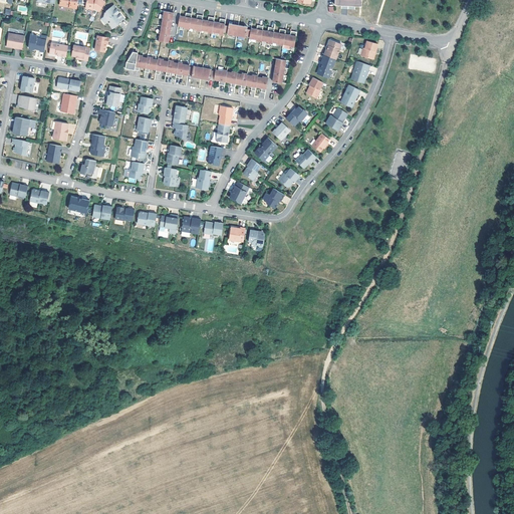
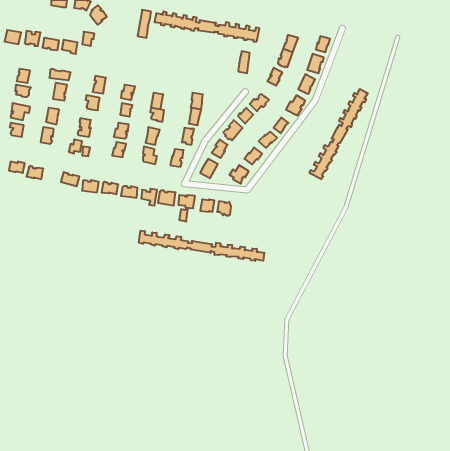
building: [123,52,267,92] -> none
building: none -> [310,89,368,179]
building: none -> [139,231,264,261]

